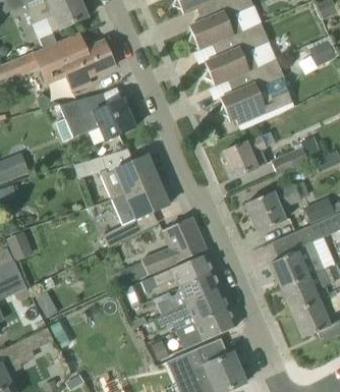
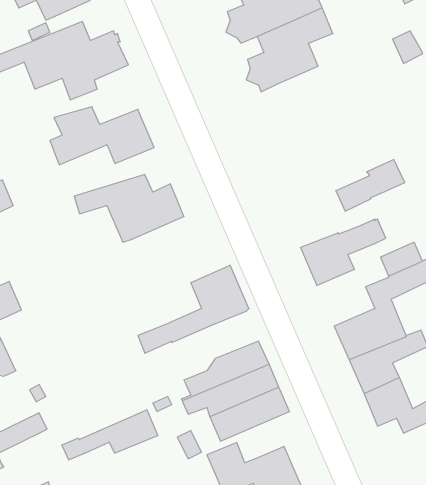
building: [219,59,291,124] -> none
building: [223,135,267,177] -> none
building: [102,179,168,247] -> none
building: [140,254,213,291] -> [62,410,158,460]

